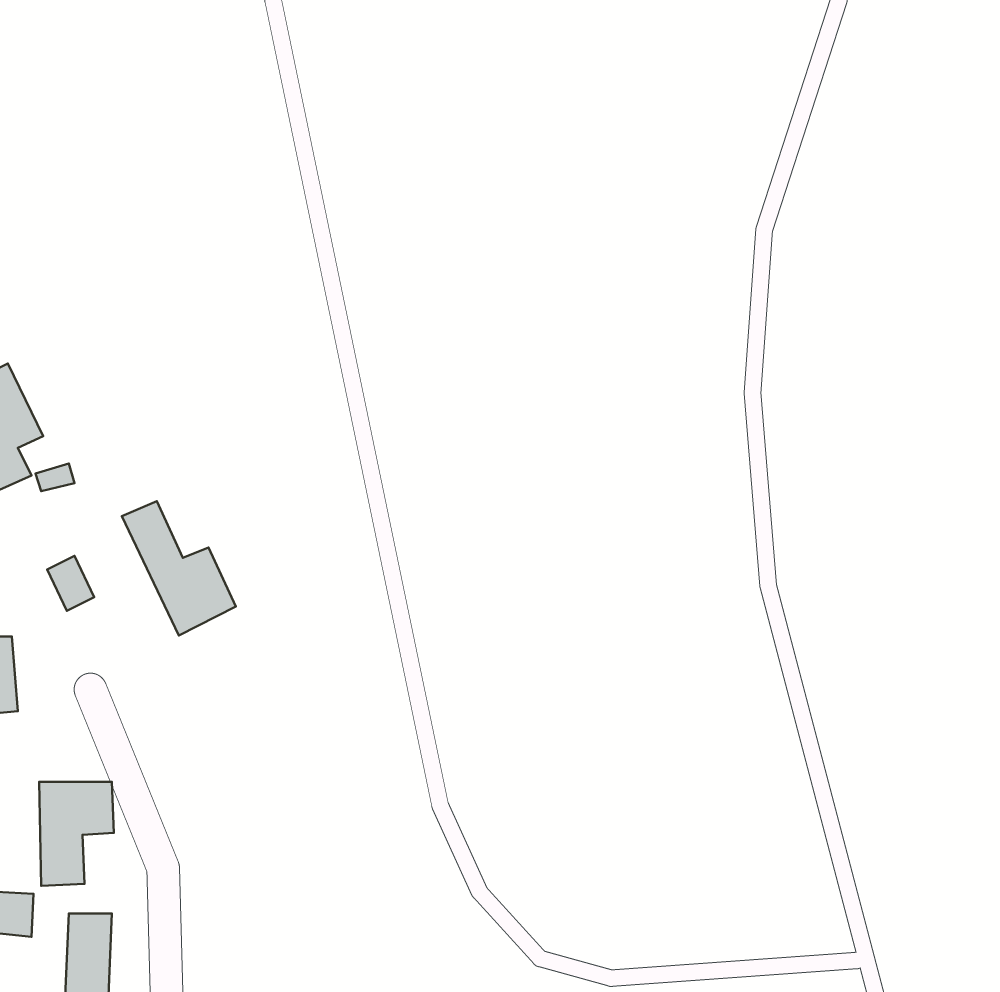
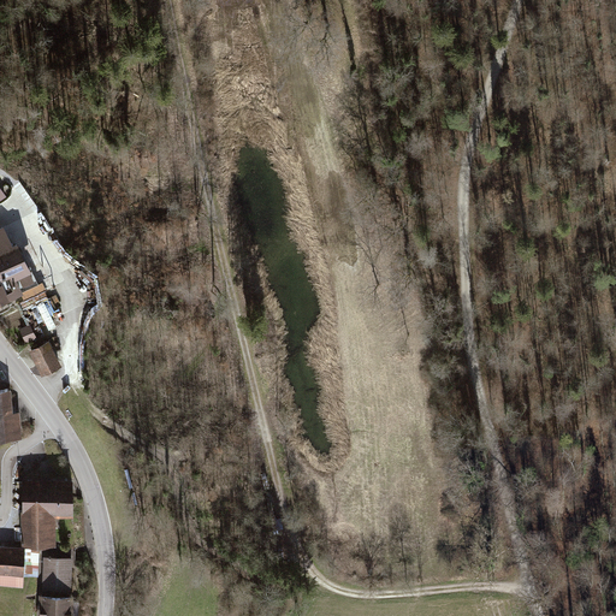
building: [122,501,236,636] -> none

